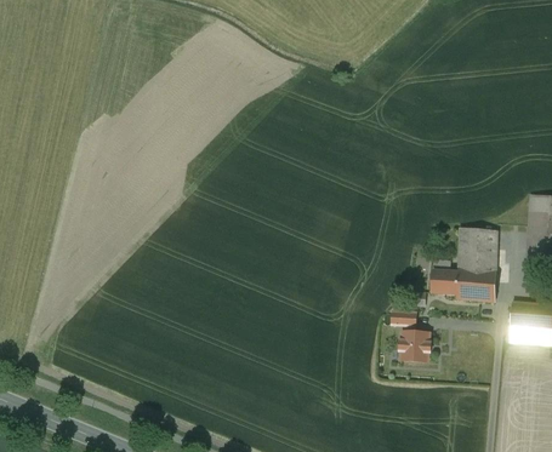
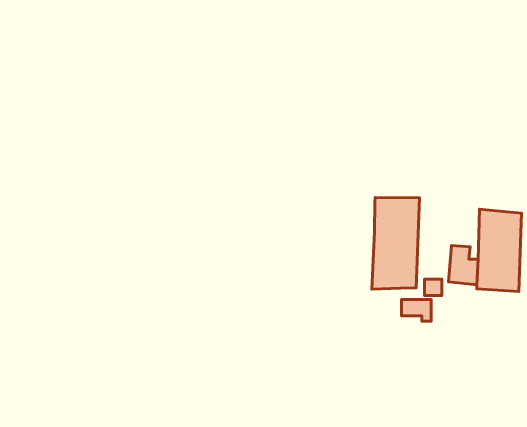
building: none -> [372,198,420,289]
building: [400,331,428,361] -> none

